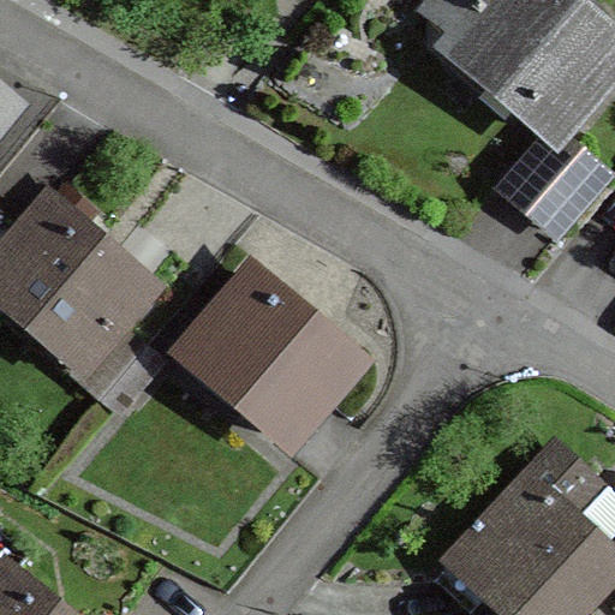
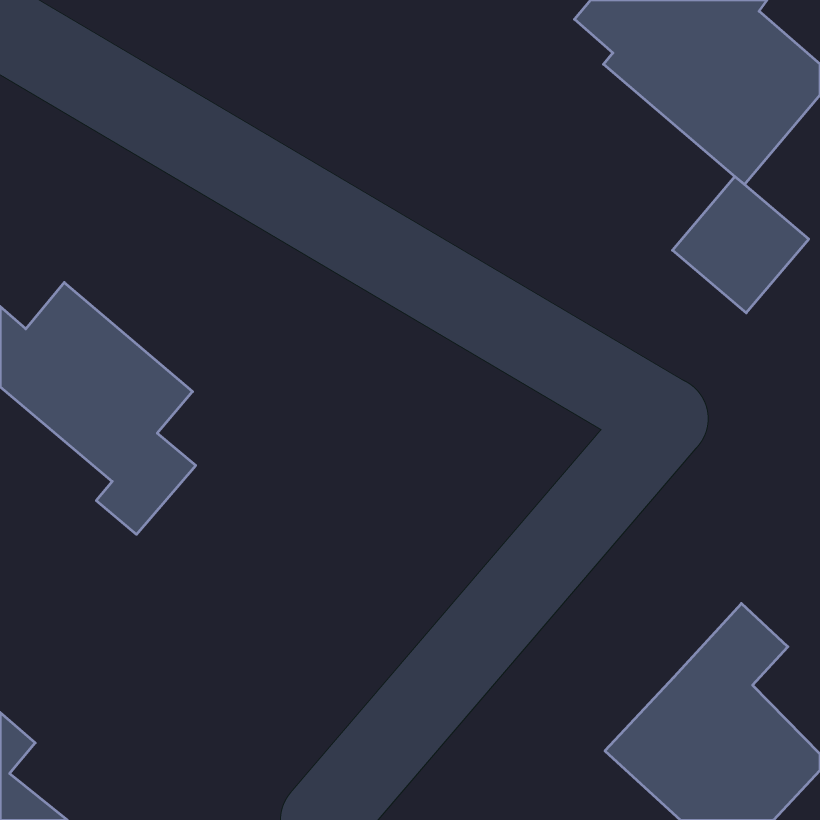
building: [199,276,356,443] -> none

